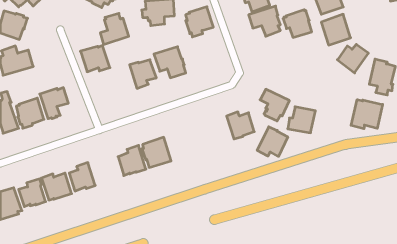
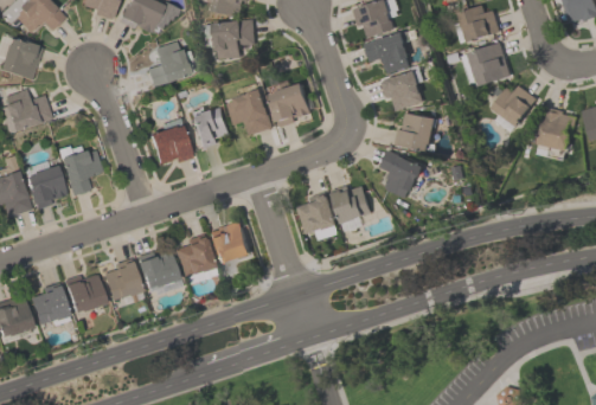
building: [186,7,213,37] -> [270,84,310,128]
building: [283,10,312,37] -> [382,71,423,111]
building: [80,46,110,72] -> [148,126,191,163]
building: [351,100,383,129] -> none
building: [288,107,315,133] -> [395,114,435,152]
building: none -> [297,193,337,234]
building: [257,127,288,156] -> none
building: none -> [135,250,178,288]

